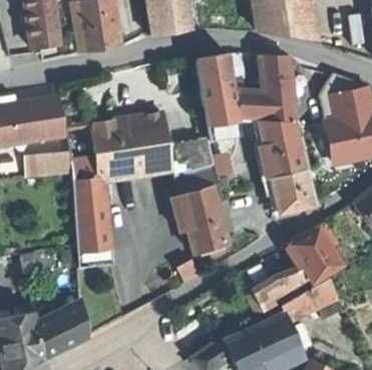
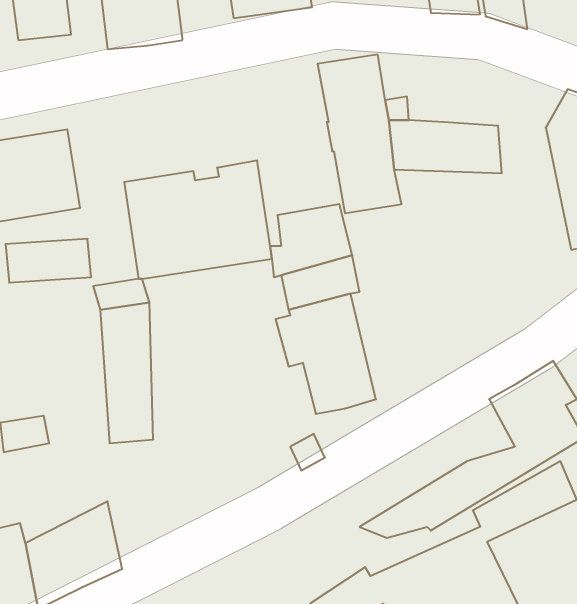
building: [261,54,295,92] -> none
building: [257,119,314,213] -> none

